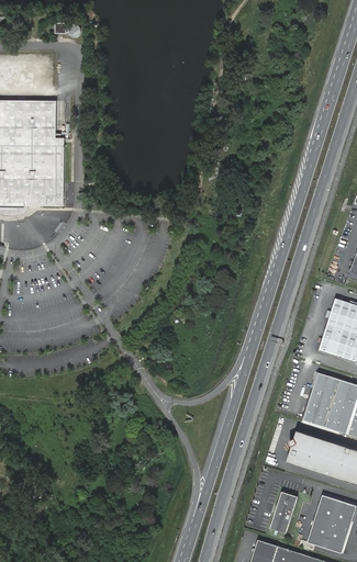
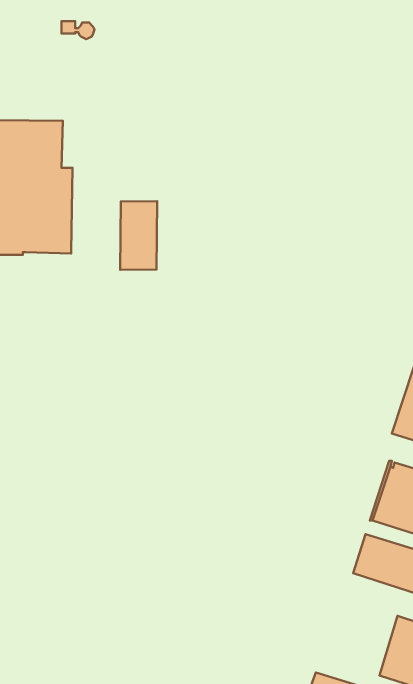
building: none -> [120,201,157,270]
building: [270,492,298,533] -> none

